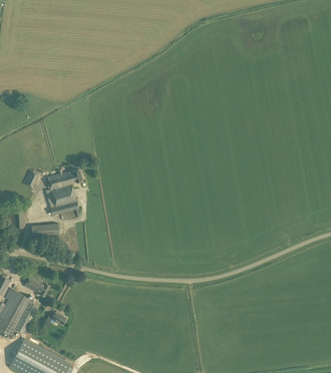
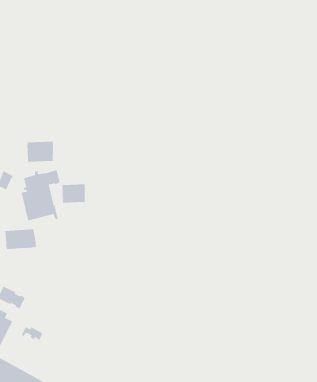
building: none -> [27,141,54,162]
building: none -> [62,184,85,204]

